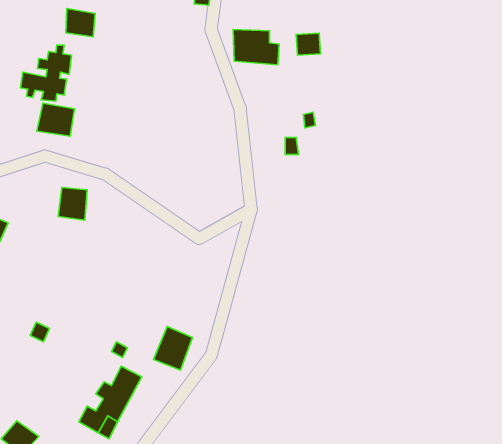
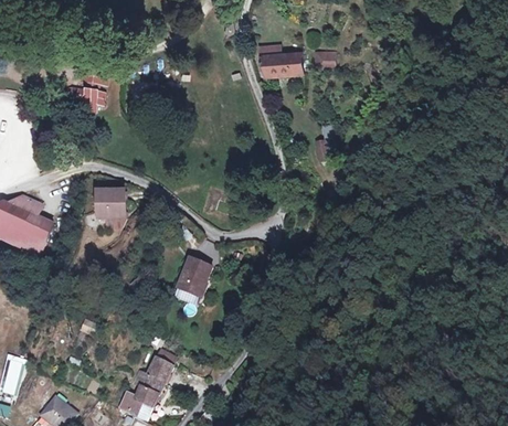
building: [66,8,95,37] -> none
building: [37,103,74,136] -> none
building: [154,327,193,370] -> [178,253,213,292]

